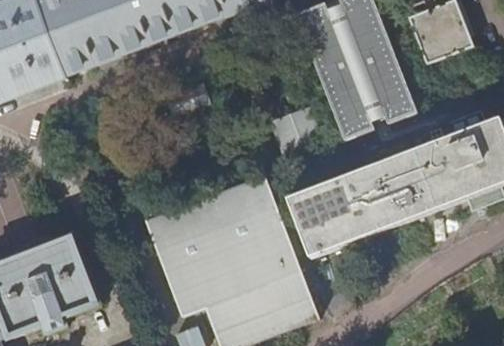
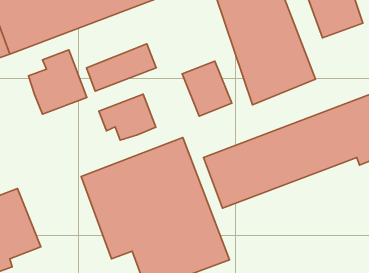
building: none -> [29,50,87,114]
building: none -> [99,94,156,140]

